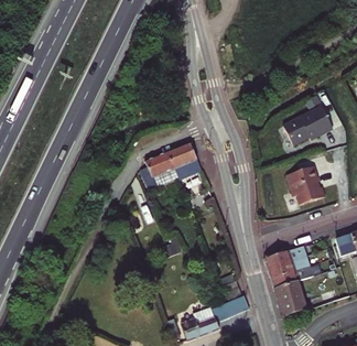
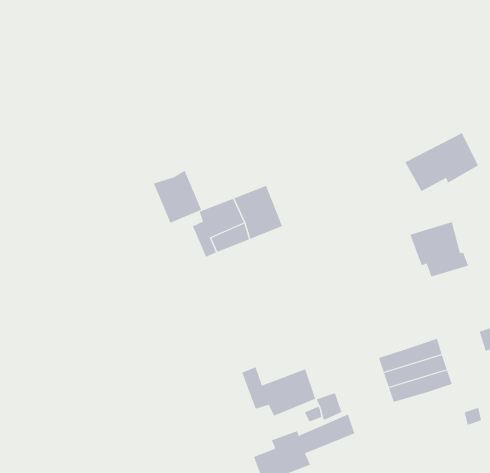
building: none -> [153,170,202,224]
building: none -> [241,367,316,417]
building: [274,281,306,317] -> none

